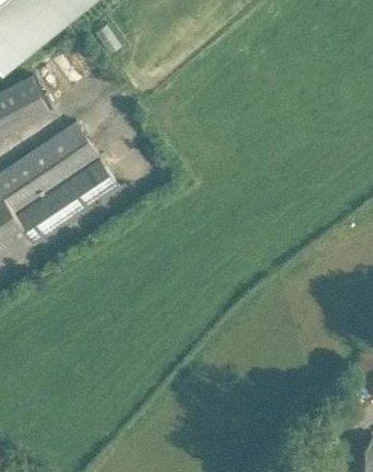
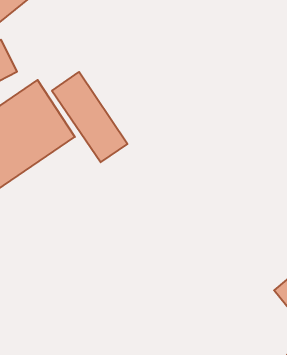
building: none -> [52,72,127,162]

